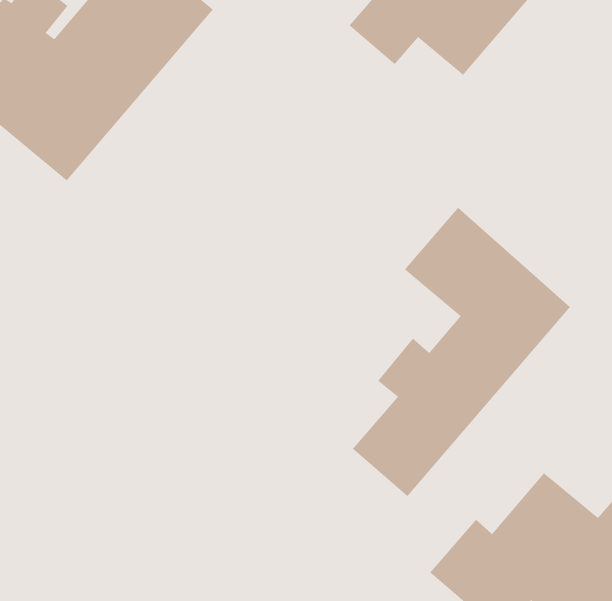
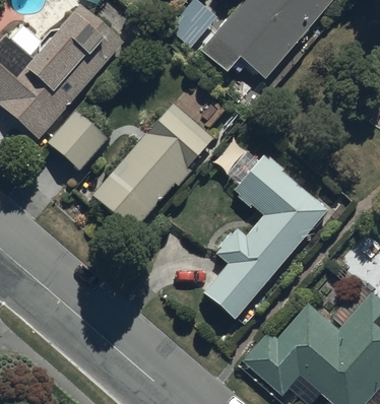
building: none -> [91,104,214,232]
building: none -> [47,111,108,172]

